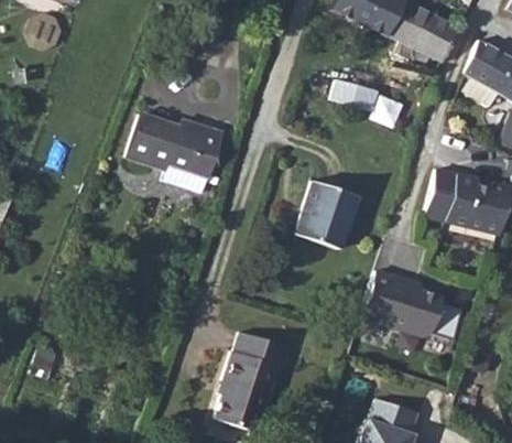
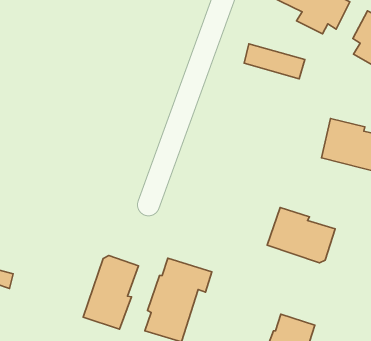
building: [127,112,222,190] -> none
building: [294,181,358,250] -> none
building: none -> [83,255,139,329]

